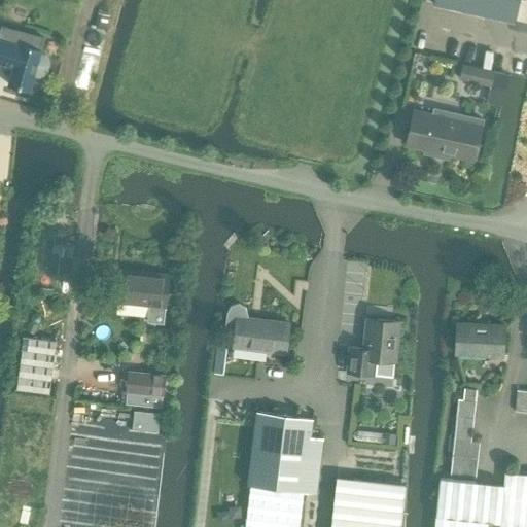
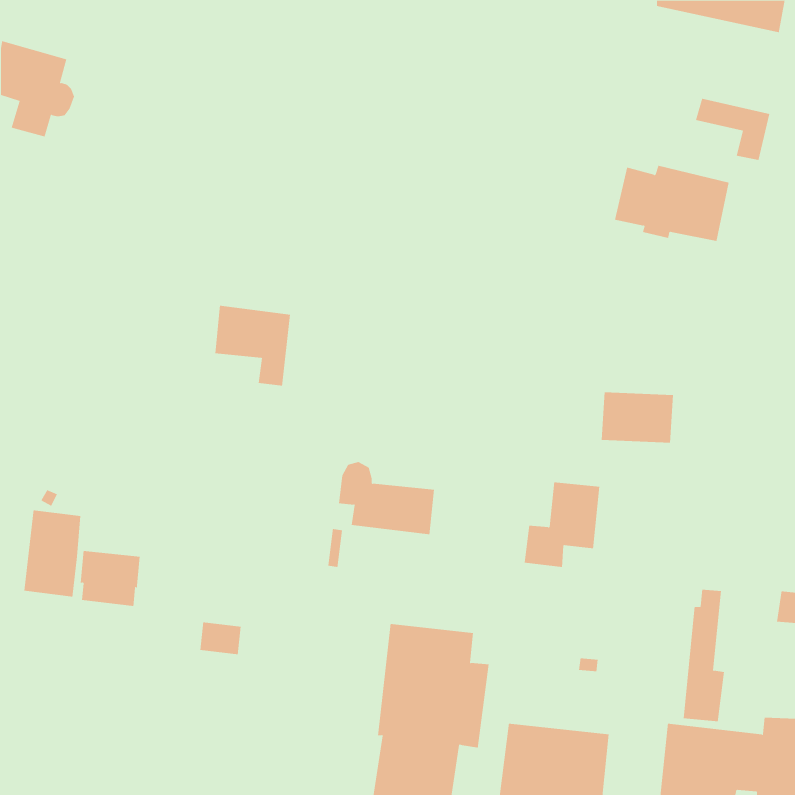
building: [117,272,168,325] -> [214,305,291,386]
building: [455,324,503,358] -> [601,392,674,443]
building: [127,372,167,409] -> [80,550,140,606]

